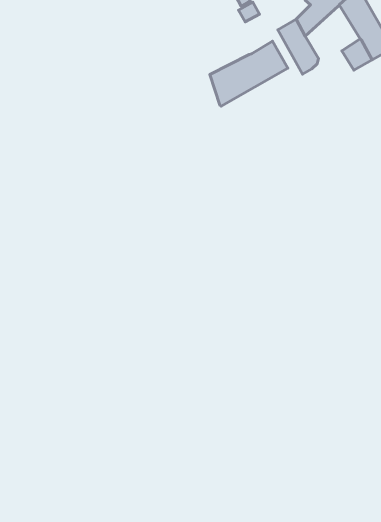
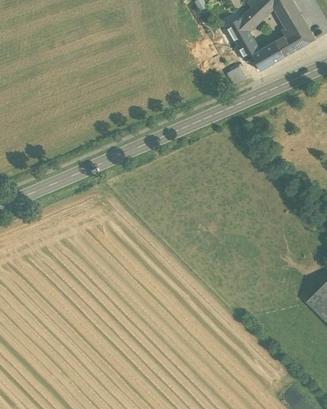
building: [210,41,288,106] -> none
building: none -> [252,42,284,71]

